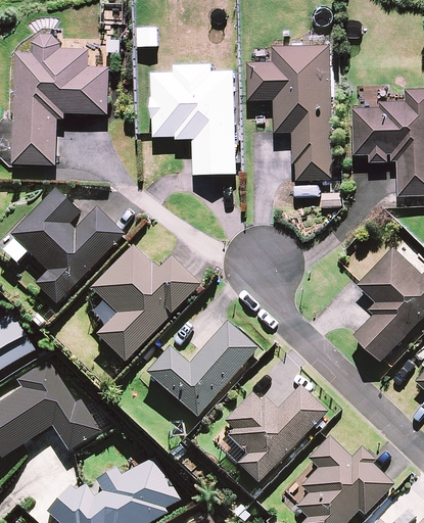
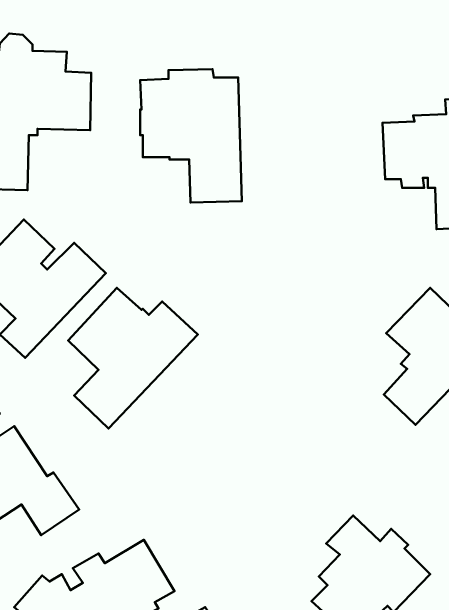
building: [246,45,332,180] -> none
building: [145,321,255,417] -> none
building: [223,385,326,483] -> none

